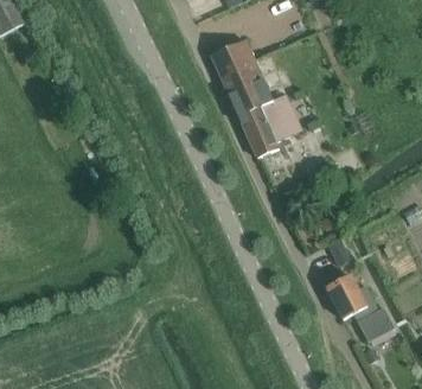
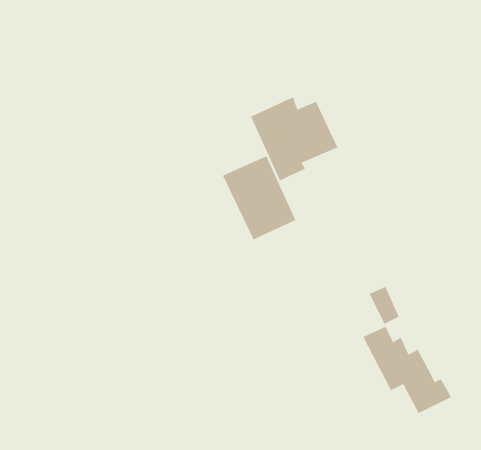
building: [210,40,267,106] -> [222,156,296,240]

